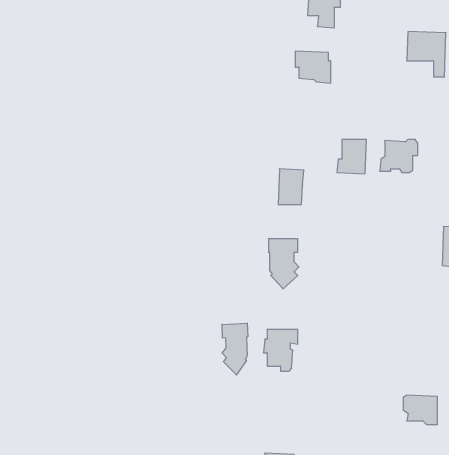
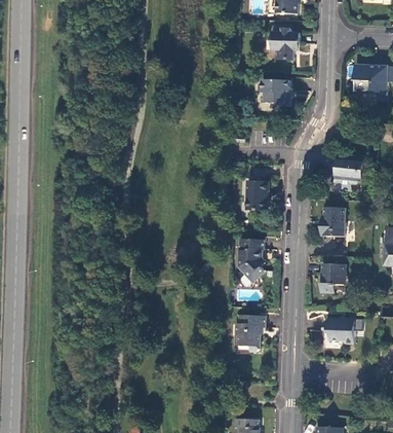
building: [337,139,366,174] -> [321,207,346,236]
building: none -> [322,263,346,292]
building: [222,323,248,375] -> none
building: [403,395,437,425] -> [326,318,355,342]

